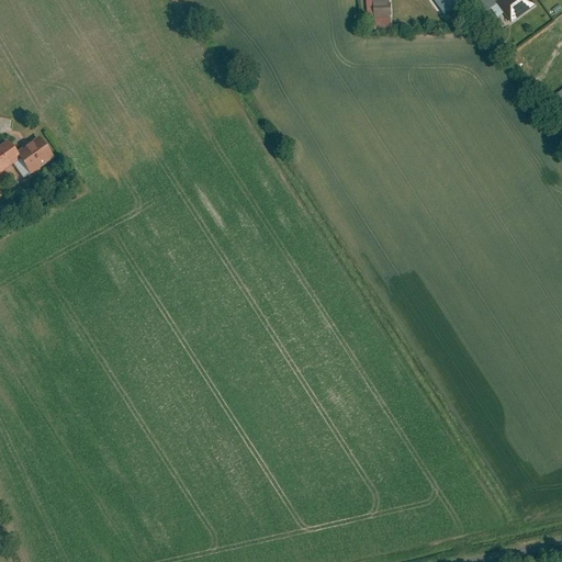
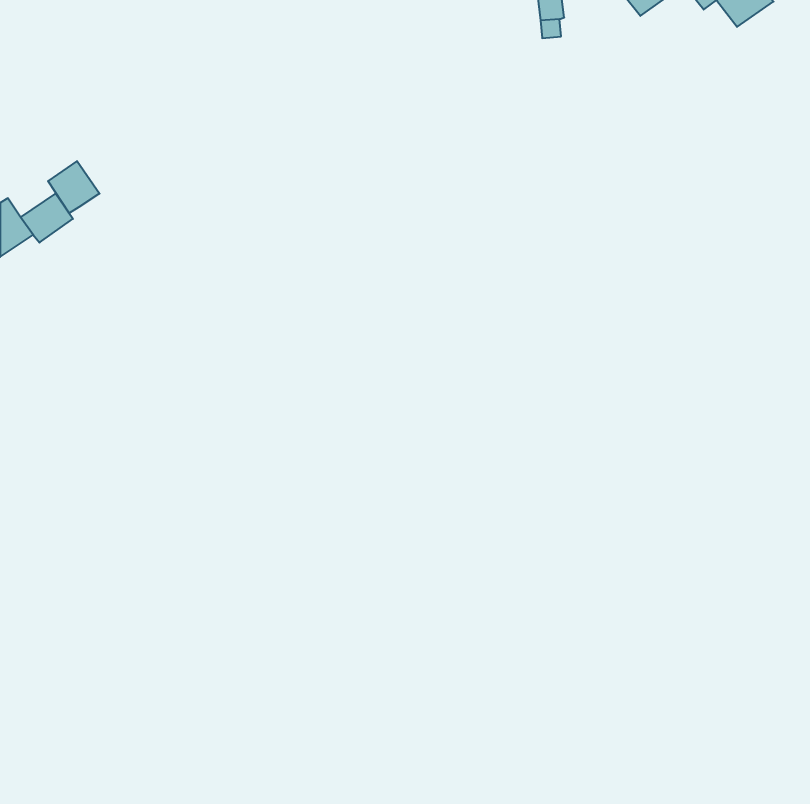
building: none -> [48,161,100,213]

